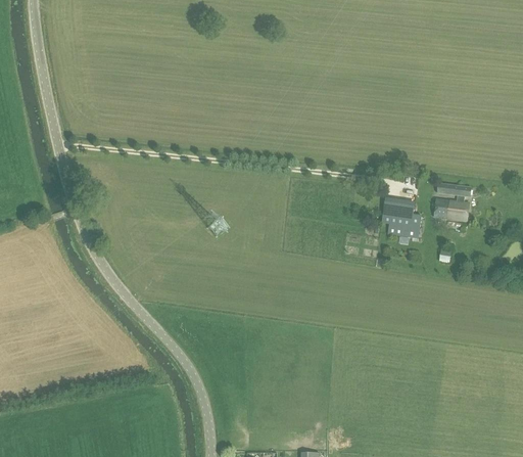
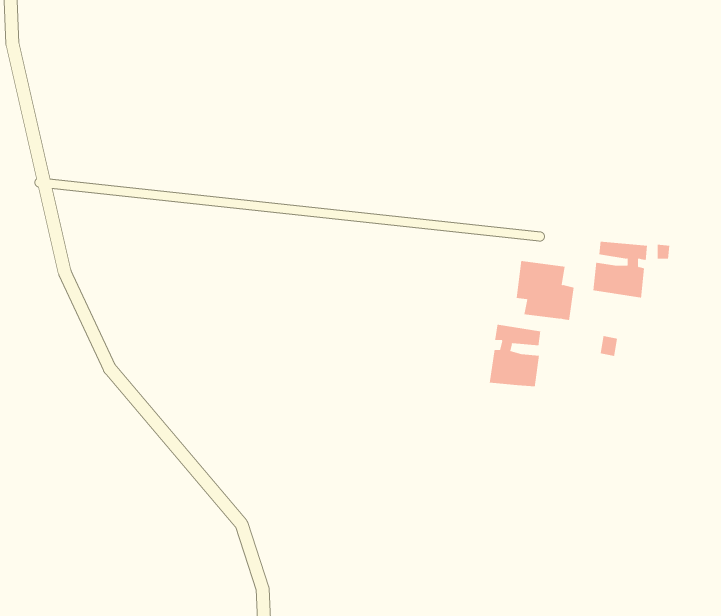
building: none -> [489,324,541,387]

